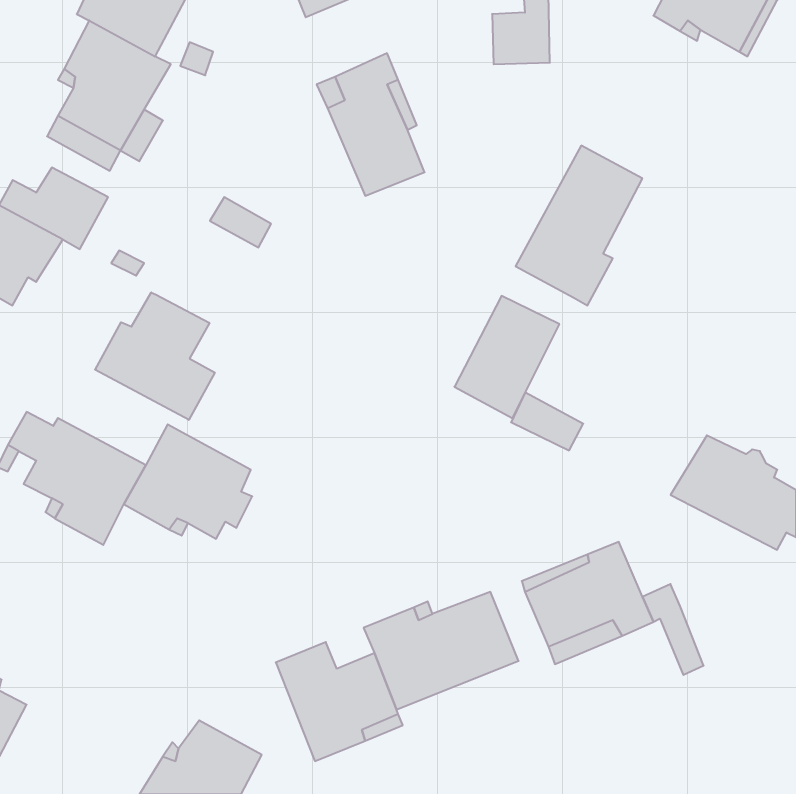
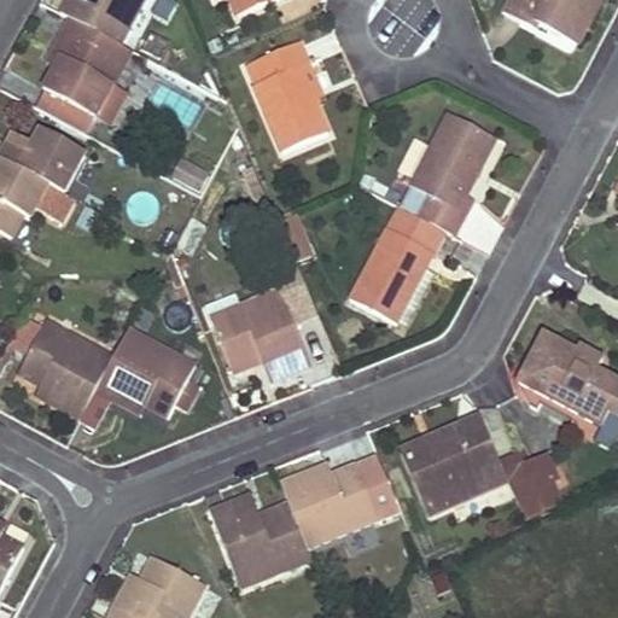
building: [95,292,215,420] -> none
building: none -> [210,257,315,379]
building: [511,392,583,450] -> [386,205,442,250]
building: none -> [524,457,564,513]

